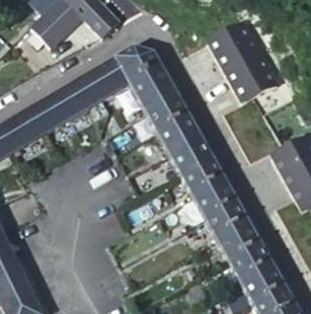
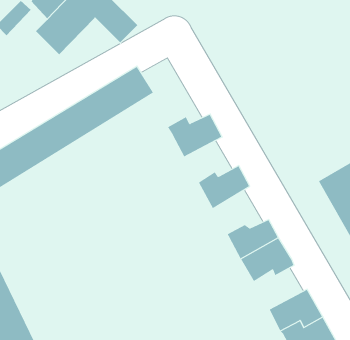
building: [207,16,280,100] -> none
building: [118,48,179,108] -> none
building: [157,116,204,155] -> none
building: [181,158,229,199] -> none
building: [216,225,261,262] -> none

